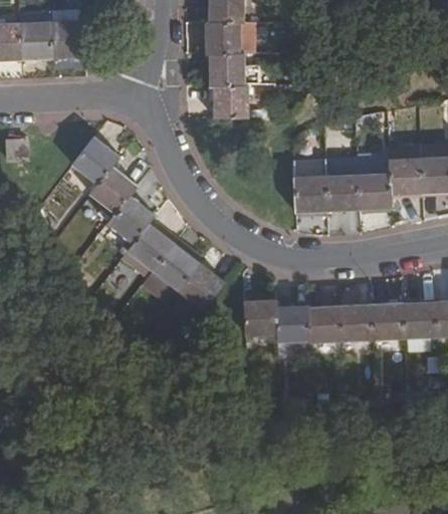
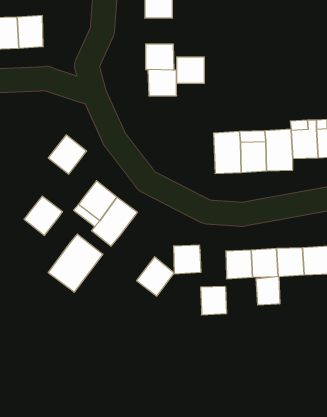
building: [206,22,240,54] -> [177,57,204,83]
building: [72,137,120,185] -> none
building: [107,196,155,244] -> [24,196,63,235]
building: [178,261,224,309] -> [137,257,174,296]
building: none -> [48,234,103,292]
building: [277,306,309,341] -> [201,286,227,315]
building: none -> [256,276,280,305]

